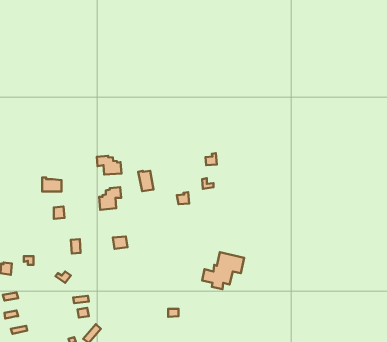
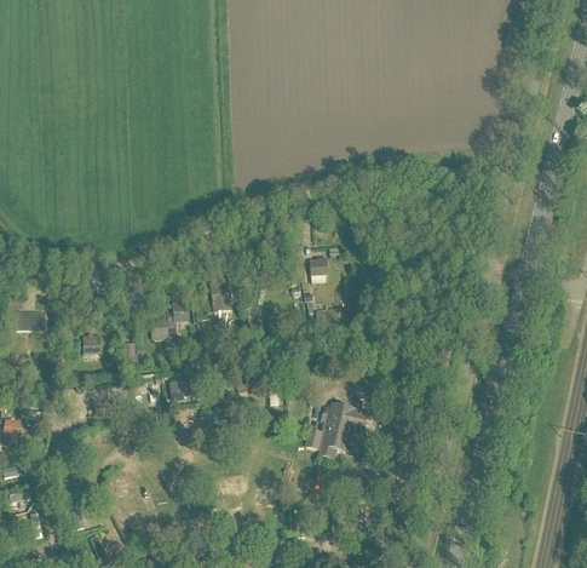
building: [97,156,122,175] -> none
building: [42,178,61,191] -> [16,309,45,329]

